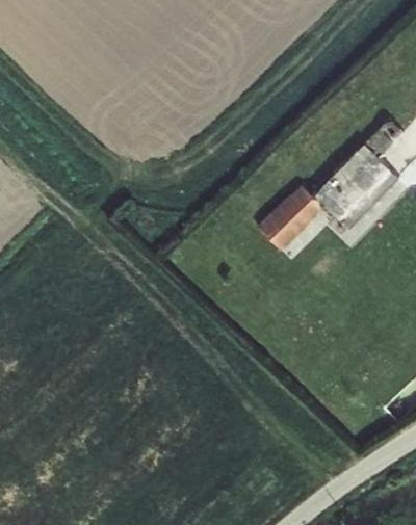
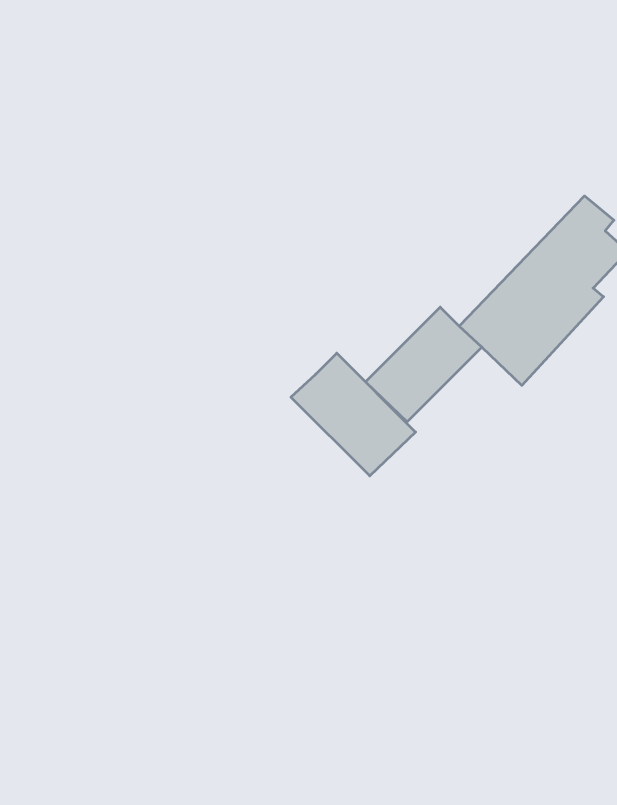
building: none -> [291,353,416,476]

